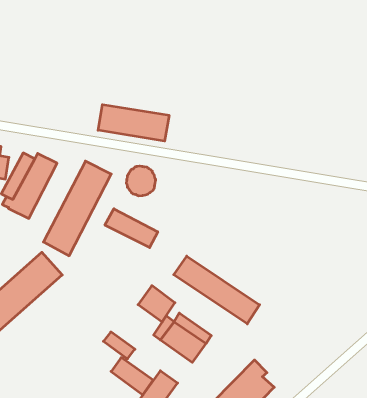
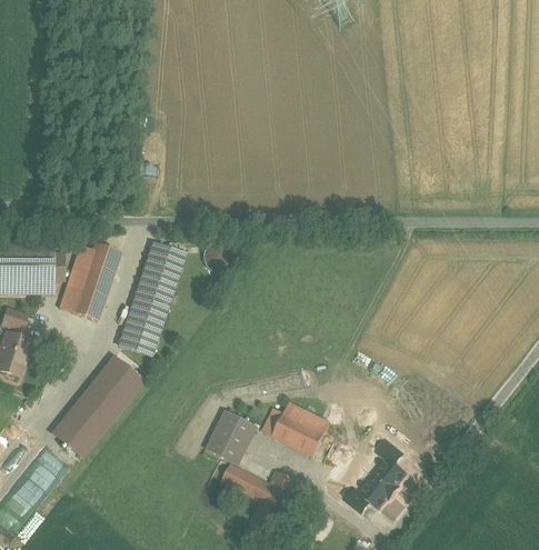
building: [98,105,169,141] -> none
building: [105,209,158,248] -> none
building: [174,256,260,324] -> none
building: [138,286,175,322] -> [212,411,254,451]

